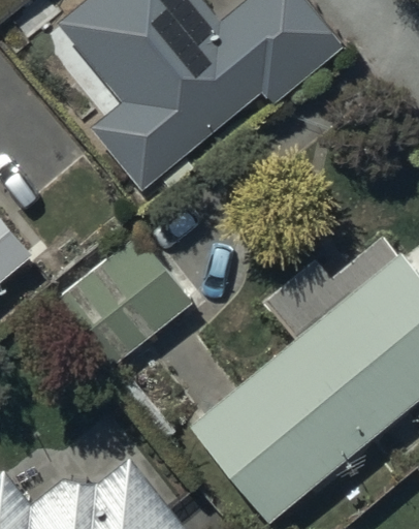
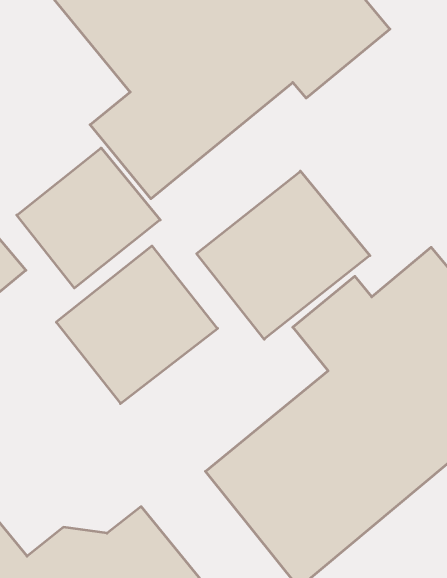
building: none -> [17,148,160,288]
building: none -> [197,171,370,339]

